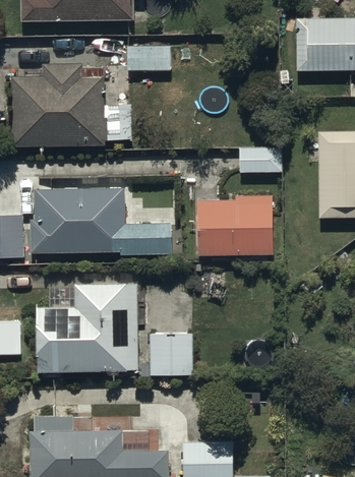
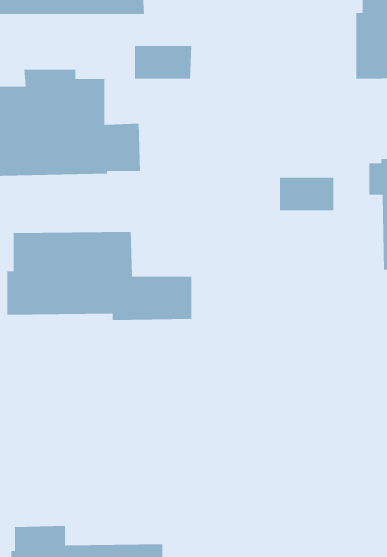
building: [197,195,274,256] -> none
building: [36,284,139,373] -> none
building: [150,334,193,376] -> none

